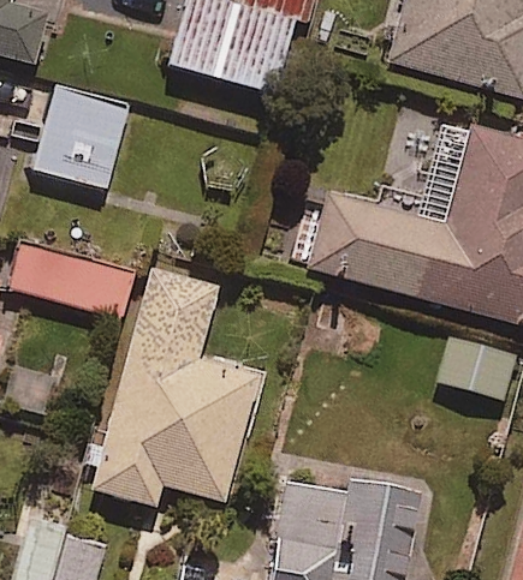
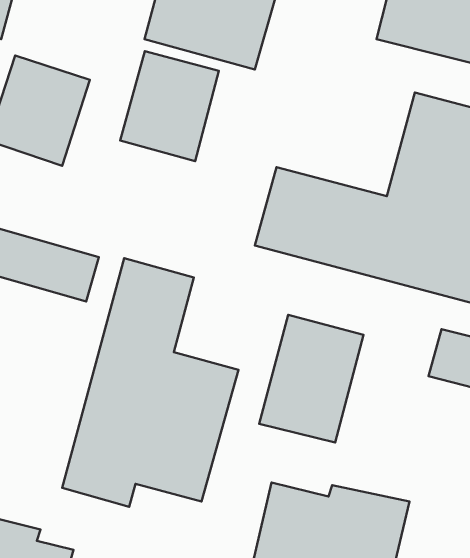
building: none -> [120,51,219,161]
building: none -> [259,315,363,443]

